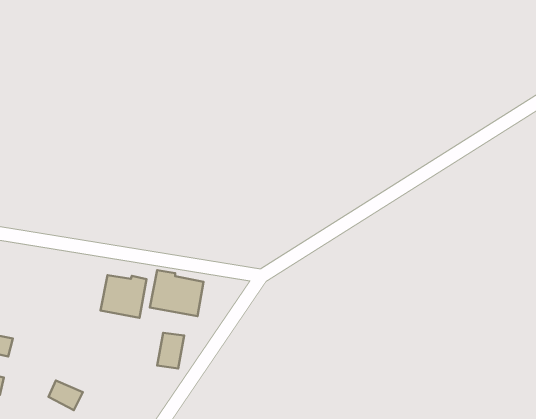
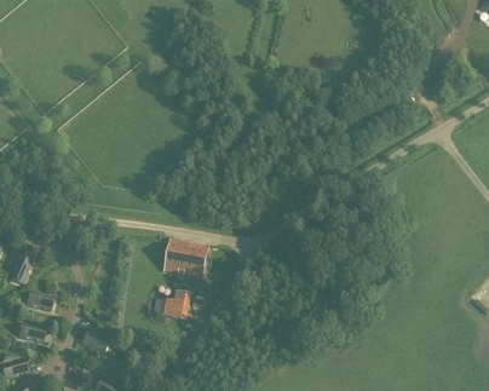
building: [101,275,146,318] -> none

